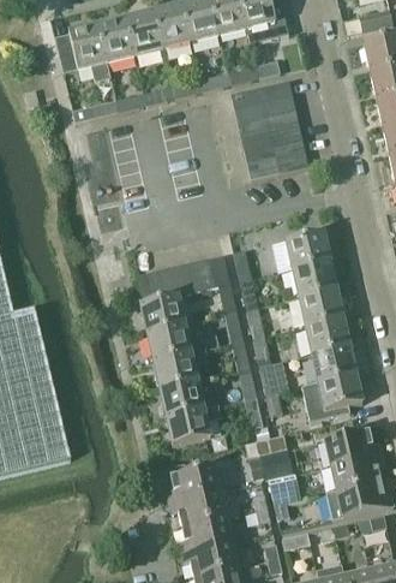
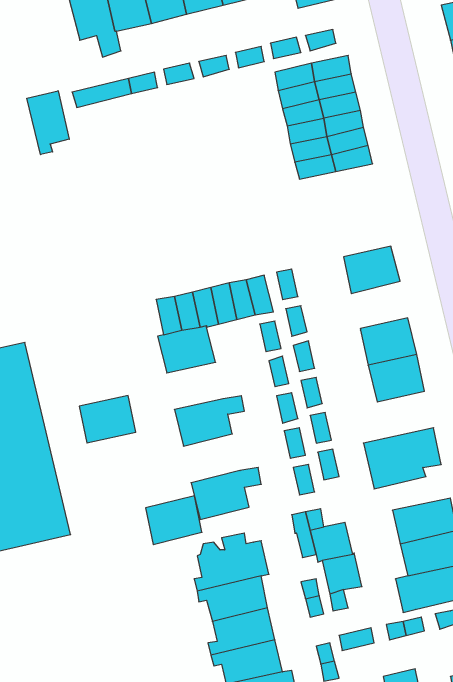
building: none -> [27,91,69,155]
building: [282,258,336,301] -> none
building: [146,322,191,359] -> [79,396,136,443]
building: [312,345,356,382] -> none
building: [160,379,204,417] -> [146,496,202,545]

